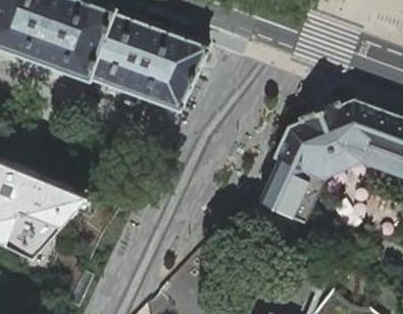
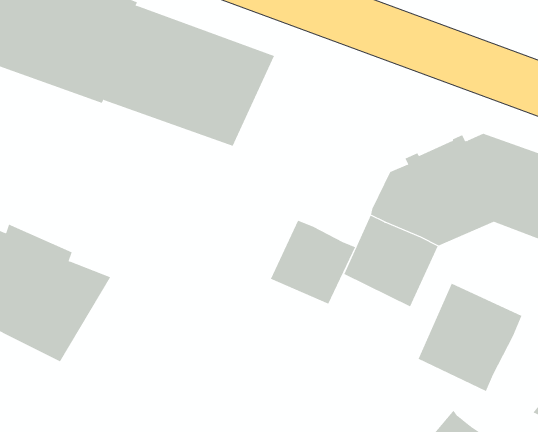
building: none -> [270,220,356,304]
building: none -> [418,283,522,392]

